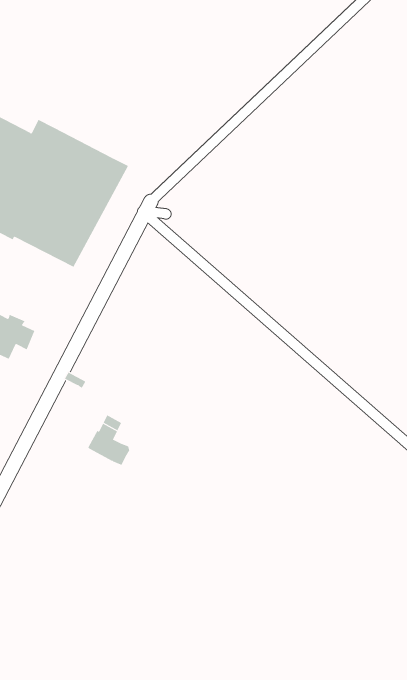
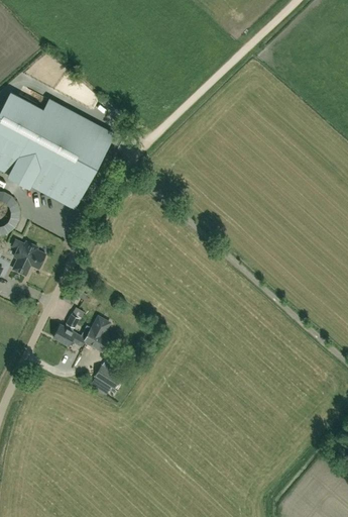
building: none -> [53,308,91,347]
building: none -> [95,359,122,390]

